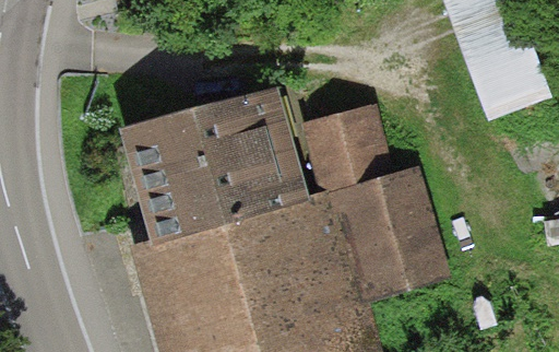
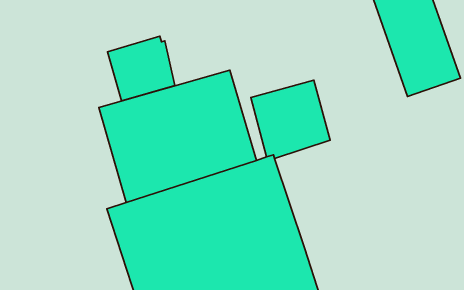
building: none -> [108,36,175,101]
building: [330,163,454,300] -> none

